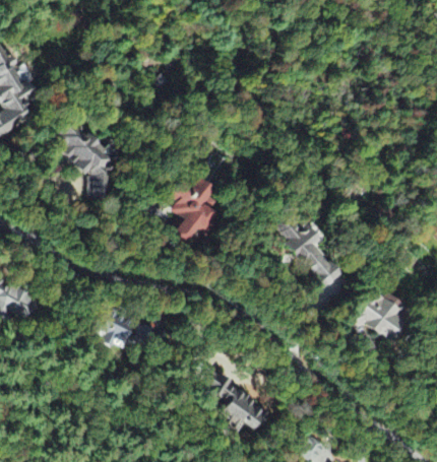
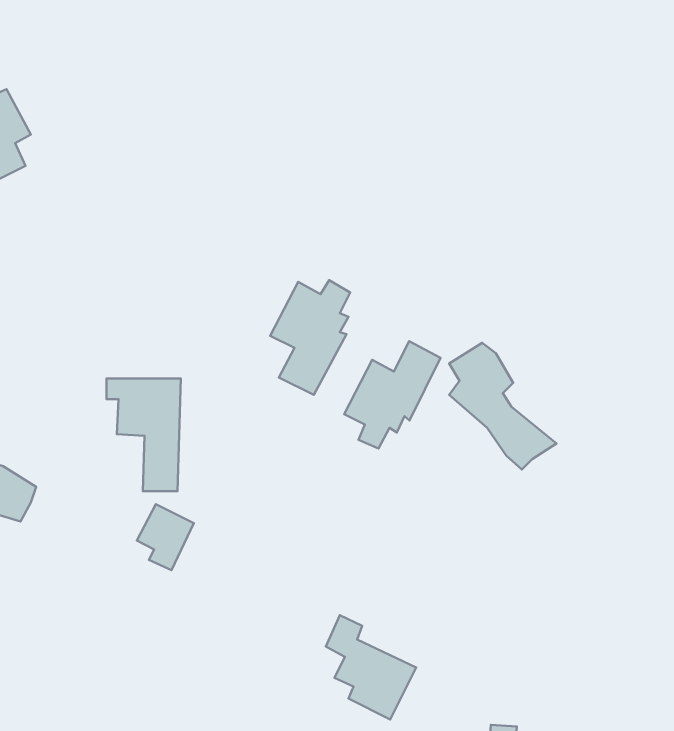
building: [66,132,110,198] -> [106,378,181,491]
building: none -> [344,341,440,449]
building: [351,288,402,337] -> none

